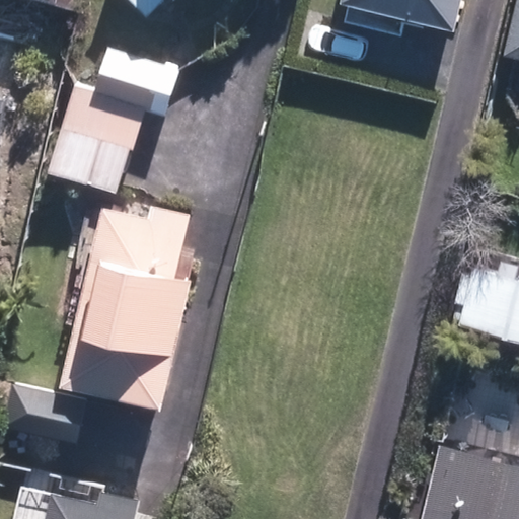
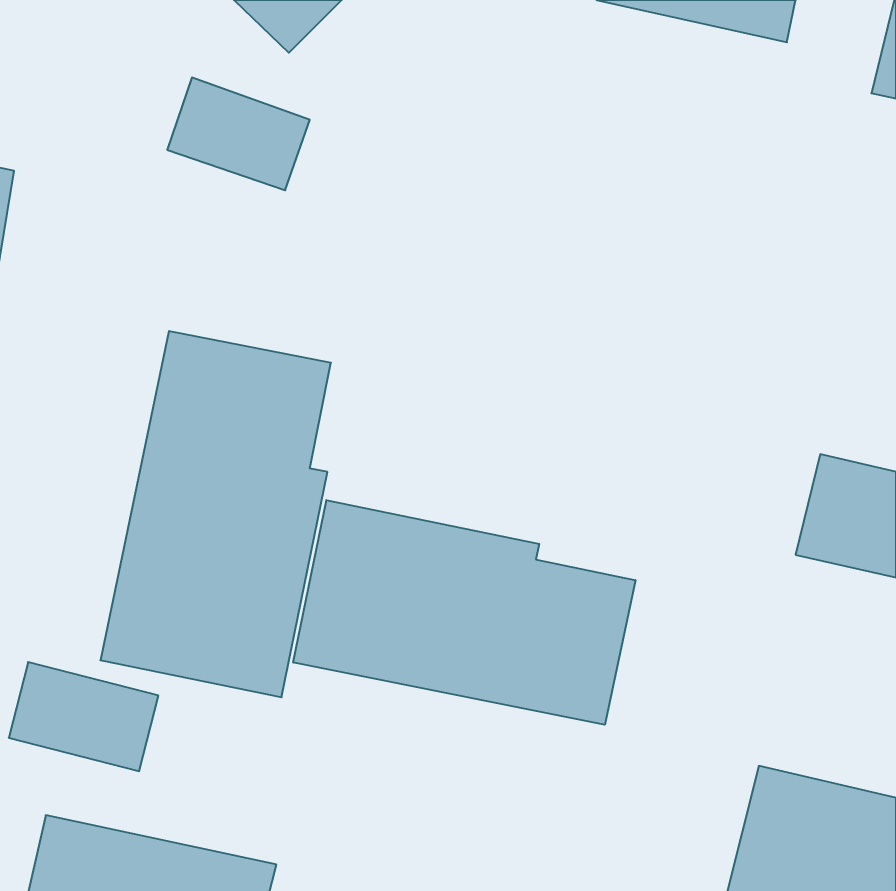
building: [47,86,146,195] -> none
building: none -> [293,500,635,725]

